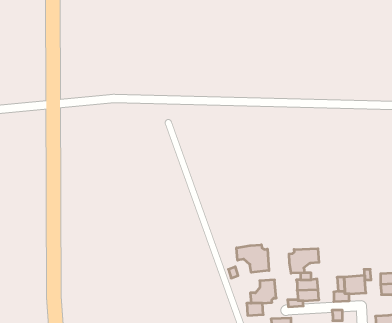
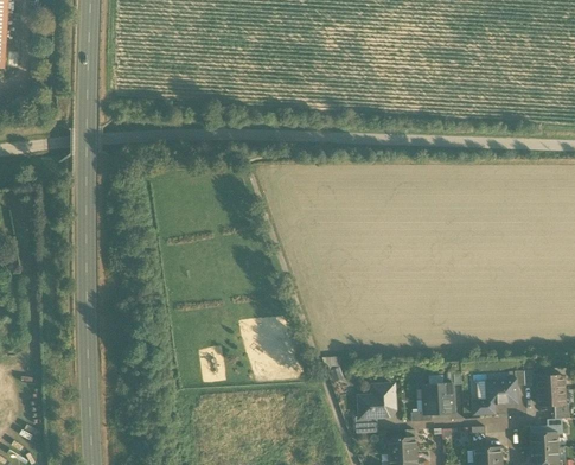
building: [237,245,269,272] -> none
building: [289,249,319,273] -> none

